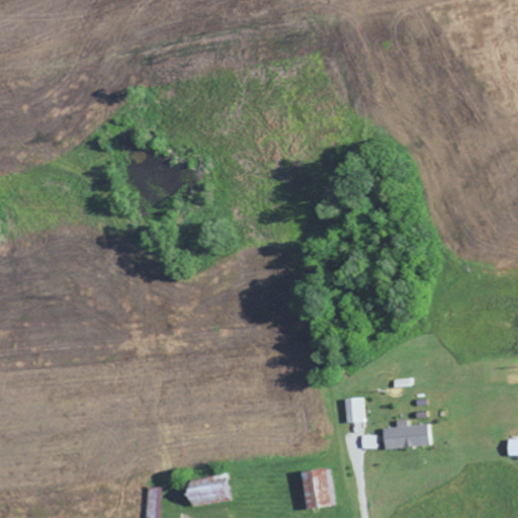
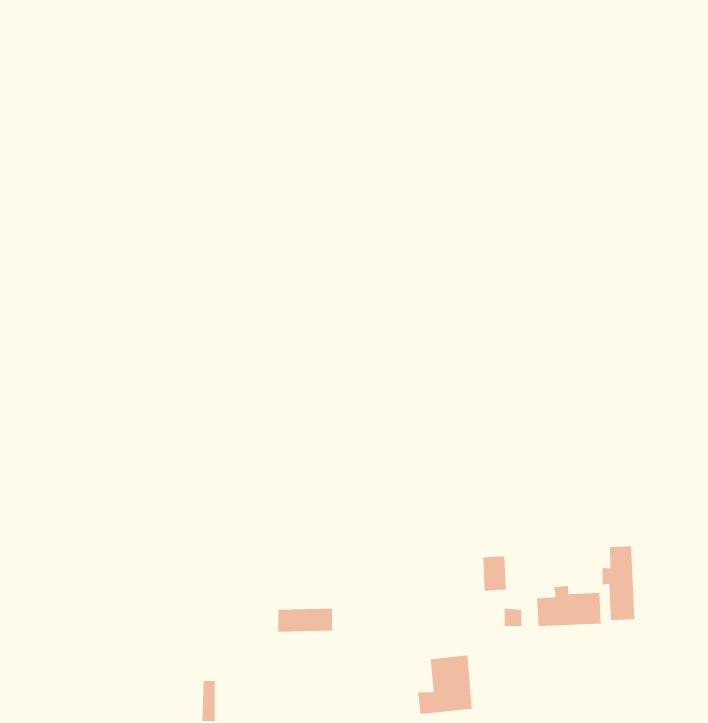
building: none -> [602,546,635,621]
building: [193,485,233,502] -> [277,608,333,632]

